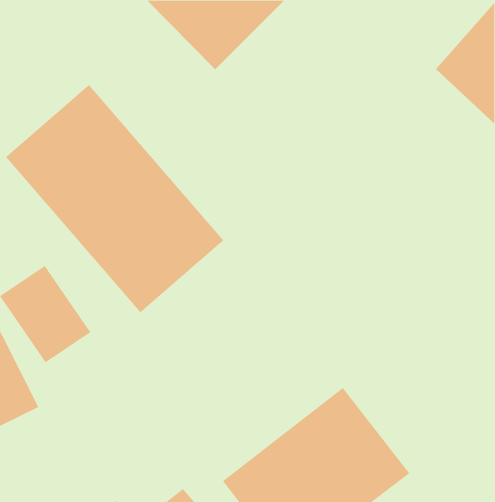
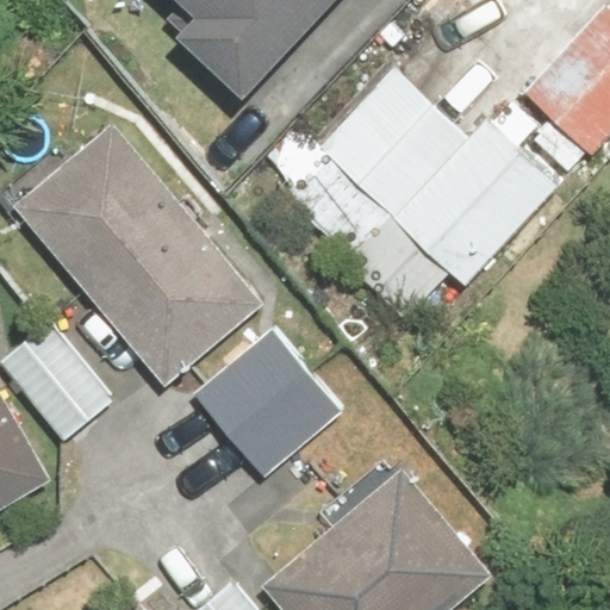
building: none -> [316,68,562,293]
building: none -> [186,331,336,485]

